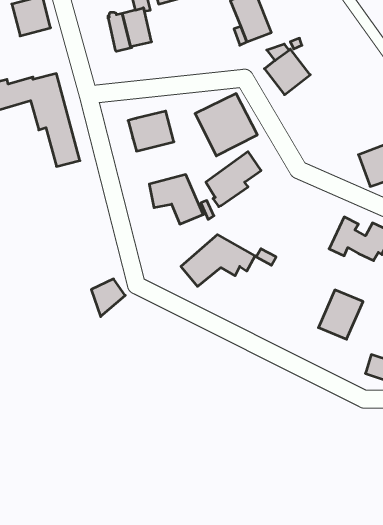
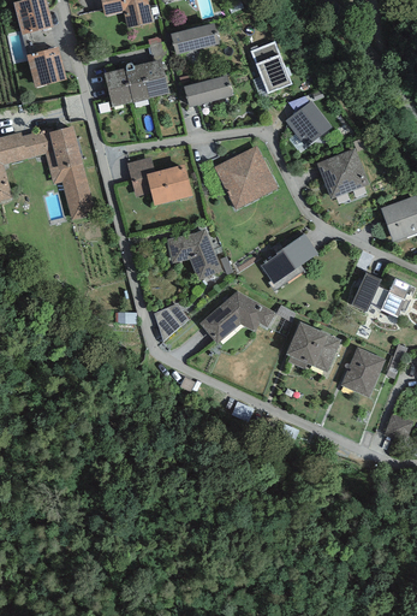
building: none -> [105,69,132,106]
building: none -> [184,75,232,107]
building: none -> [317,148,369,199]
building: none -> [127,156,154,196]
building: [206,152,261,207] -> [261,233,317,290]
building: none -> [285,321,341,372]
building: [91,279,125,317] -> [154,302,189,340]

